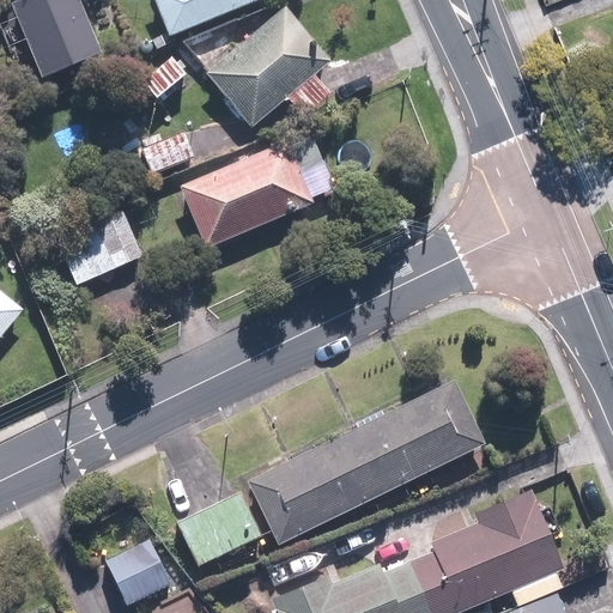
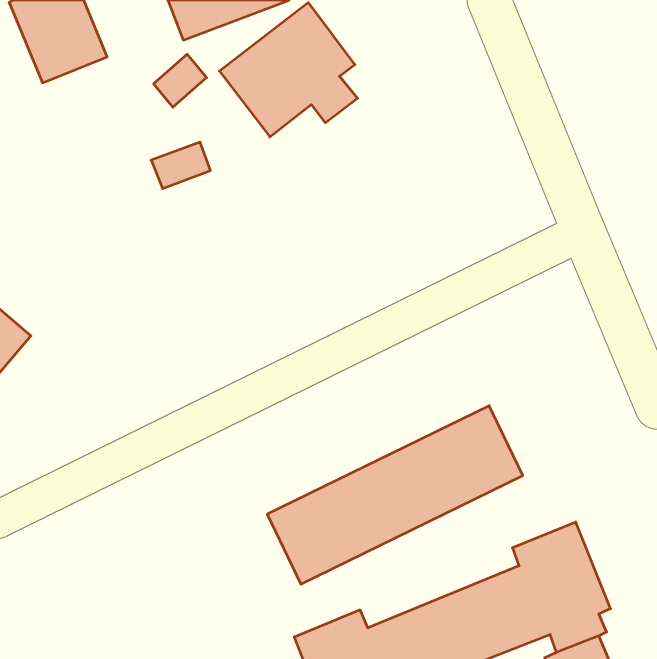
building: [178,129,323,250] -> none
building: [59,212,142,286] -> none
building: [175,488,265,569] -> none
building: [107,539,176,606] -> none

